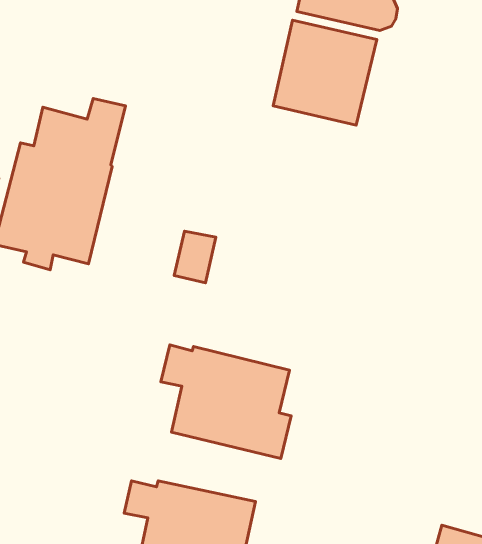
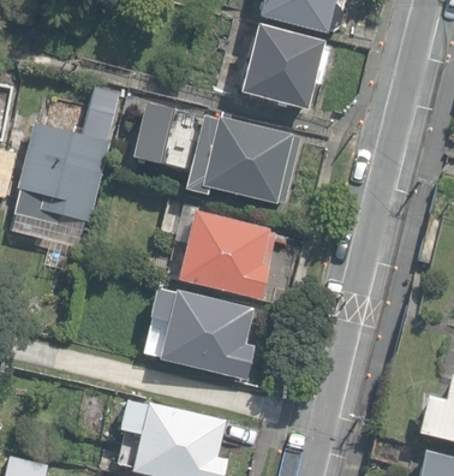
building: none -> [135,102,304,207]
building: none -> [179,212,277,299]

